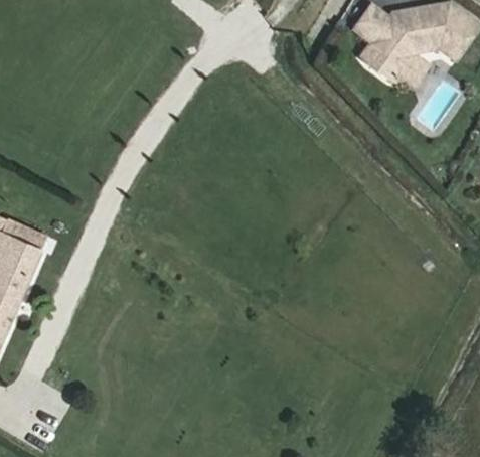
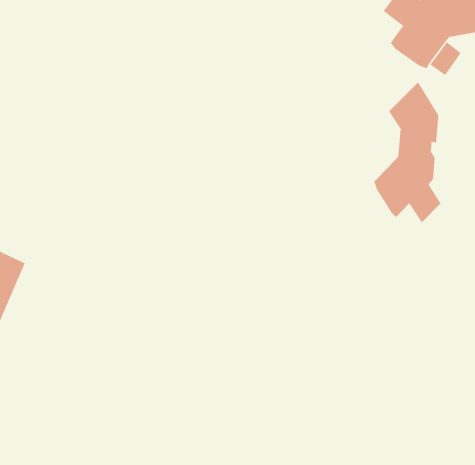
building: none -> [373,82,441,223]

